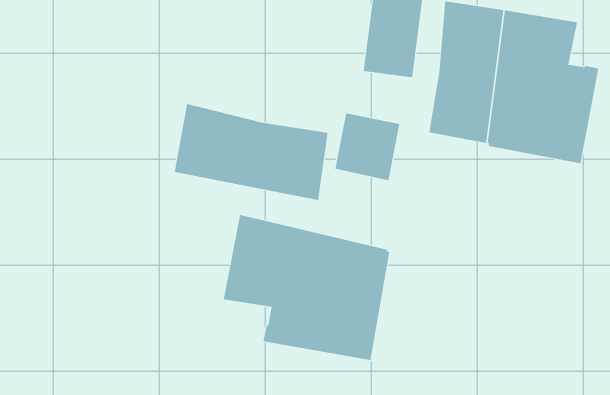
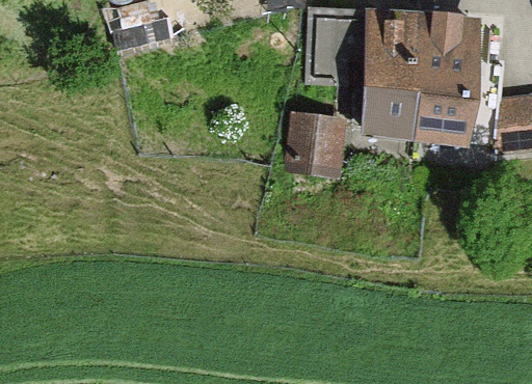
building: [174,103,328,201] -> none
building: [223,214,390,361] -> none

